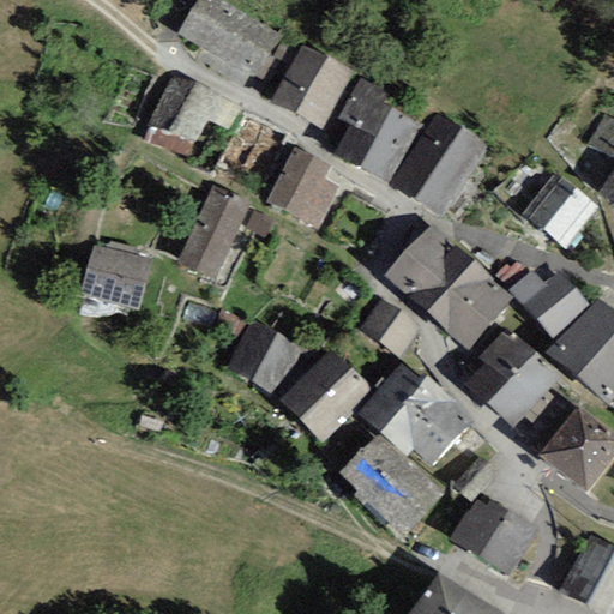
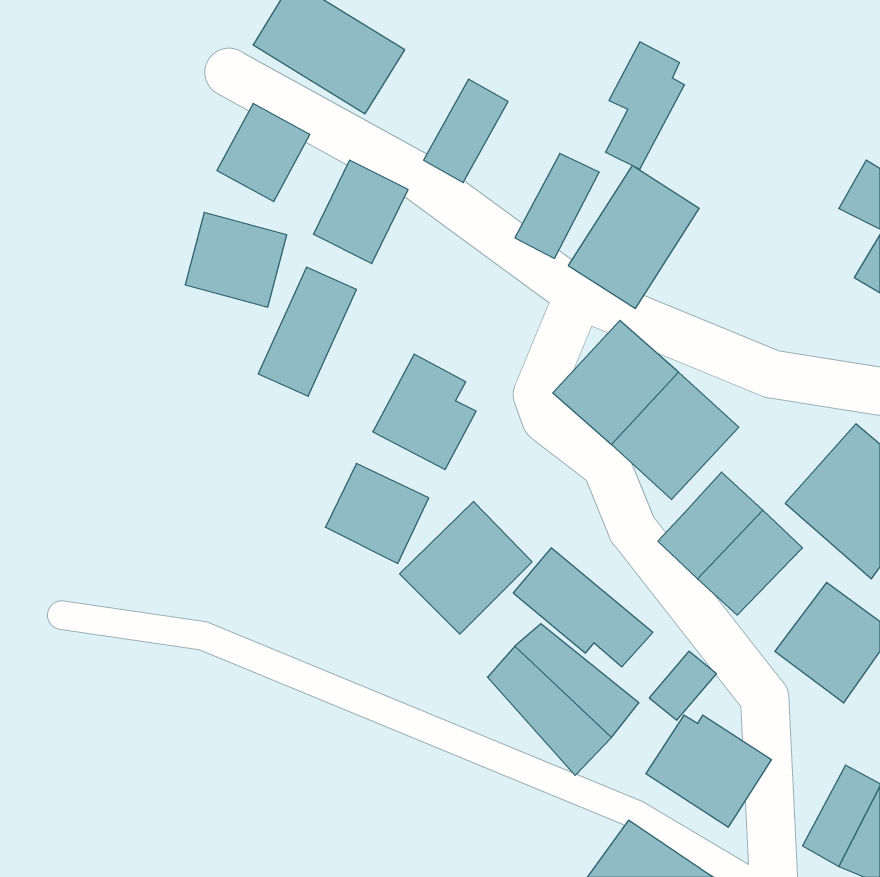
building: [271,42,326,112] -> none
building: [335,77,390,165] -> [605,42,685,169]
building: [266,145,338,225] -> [373,354,476,470]
building: [523,171,598,246] -> none
building: [80,242,151,308] -> [185,212,287,307]
building: [510,269,589,336] -> none
building: [359,297,420,356] -> none
building: [384,361,475,440] -> none

